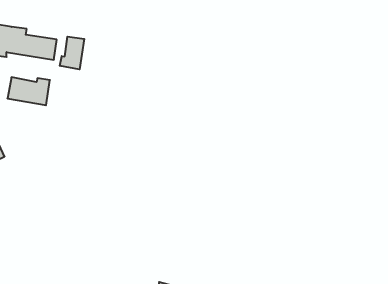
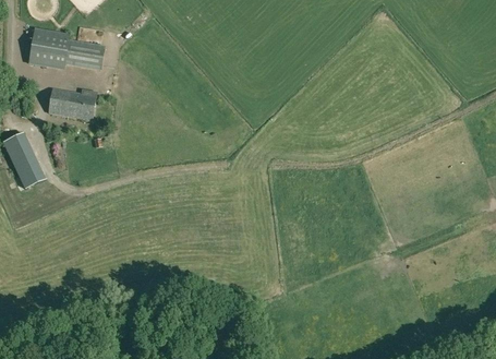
building: [60,37,84,69] -> none

